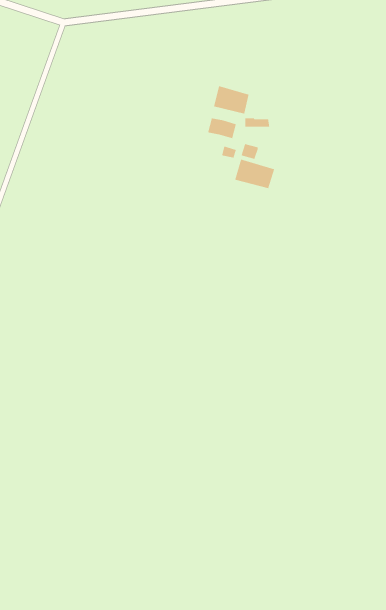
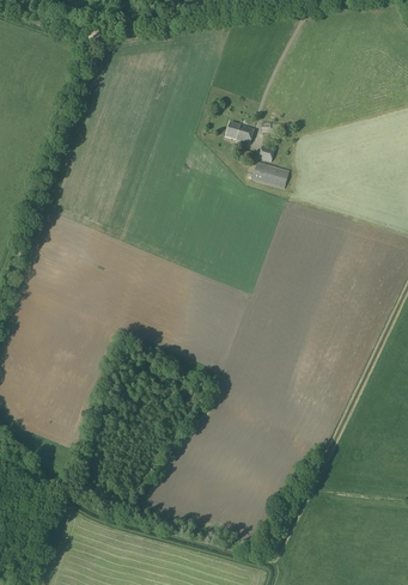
building: [213,85,250,115] -> none

